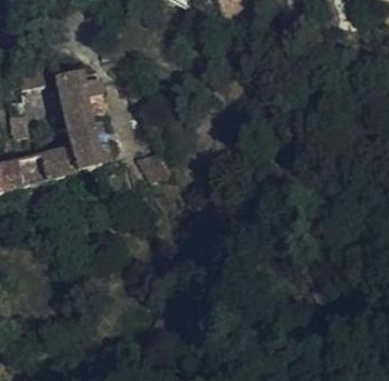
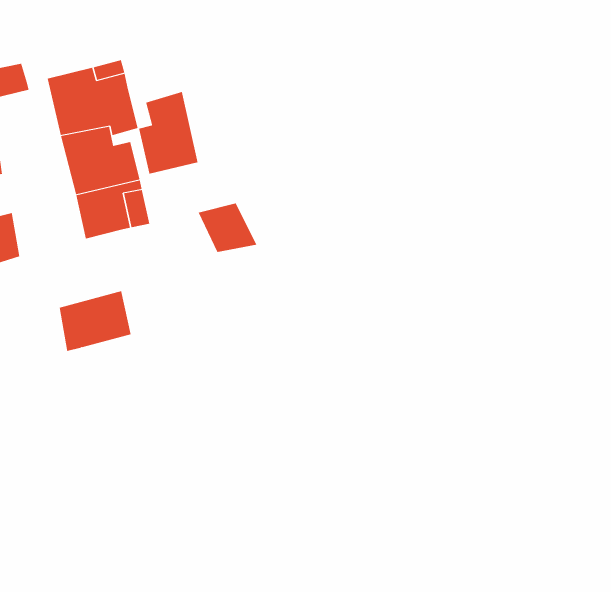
building: none -> [139,91,198,174]
building: [31,146,73,181] -> [59,290,131,352]

